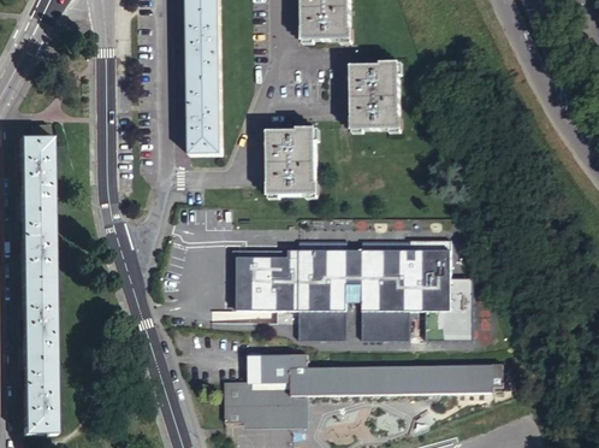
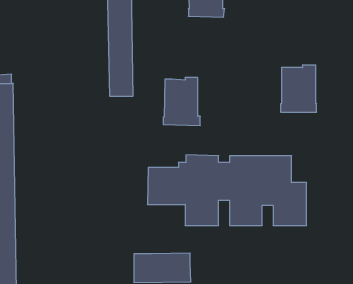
building: [351,63,403,130] -> [281,65,317,112]
building: [232,250,289,311] -> none
building: [249,354,504,395] -> none

